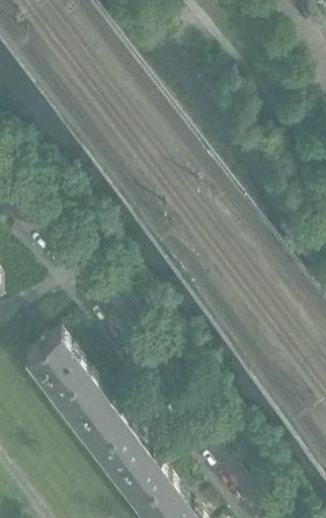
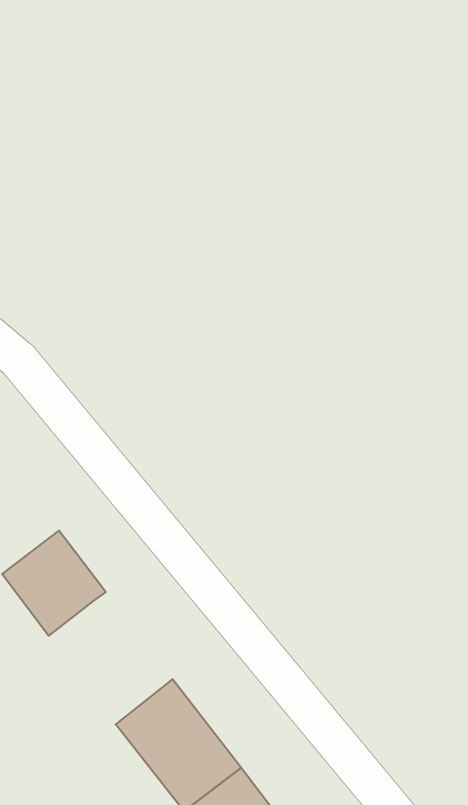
building: [53,374,128,454] -> none

